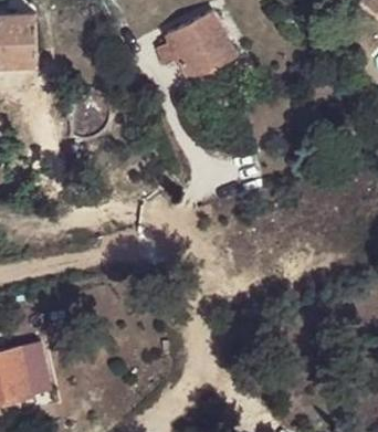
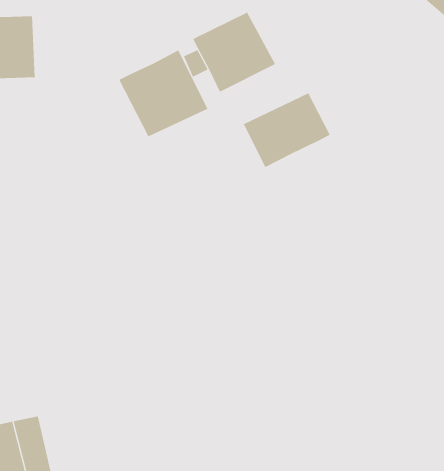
building: none -> [119,50,208,137]
building: none -> [243,93,331,168]

